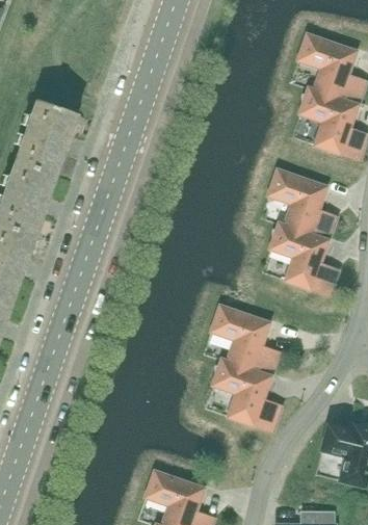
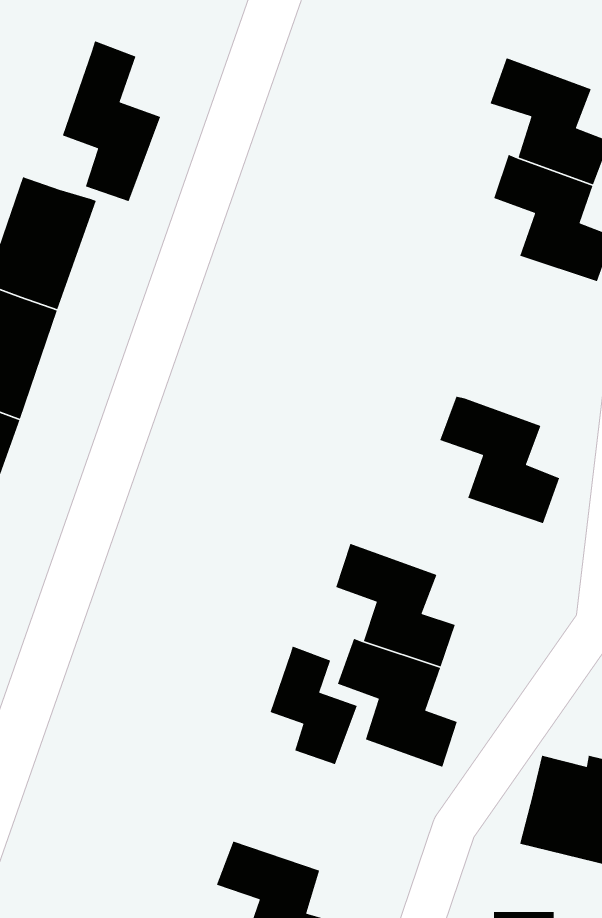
building: none -> [62,40,161,202]
building: [267,169,336,240] -> none
building: none -> [270,646,358,765]

